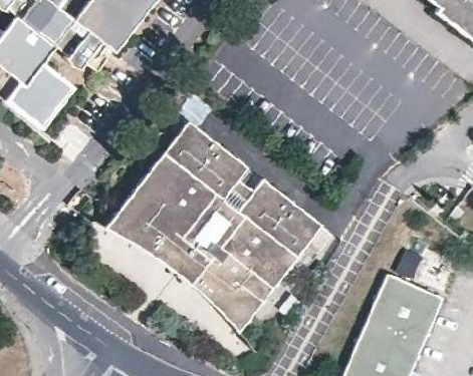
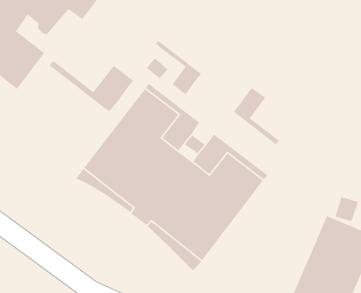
building: none -> [155,40,202,95]
building: none -> [48,60,134,112]
building: none -> [233,87,280,145]

